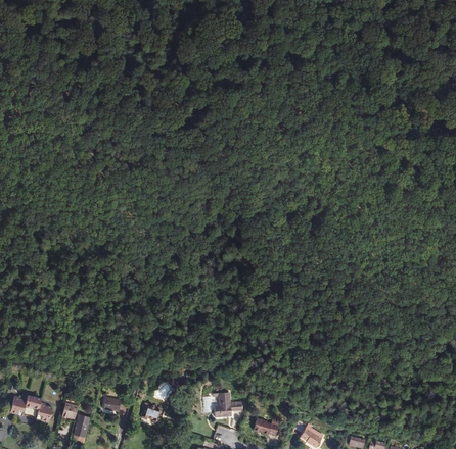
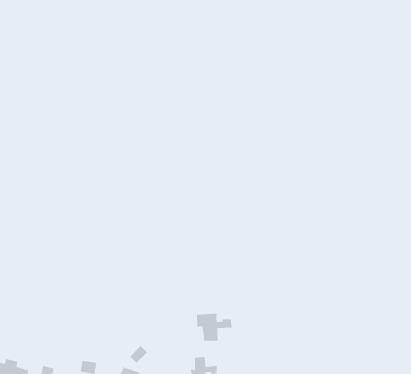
building: none -> [196,313,232,342]

